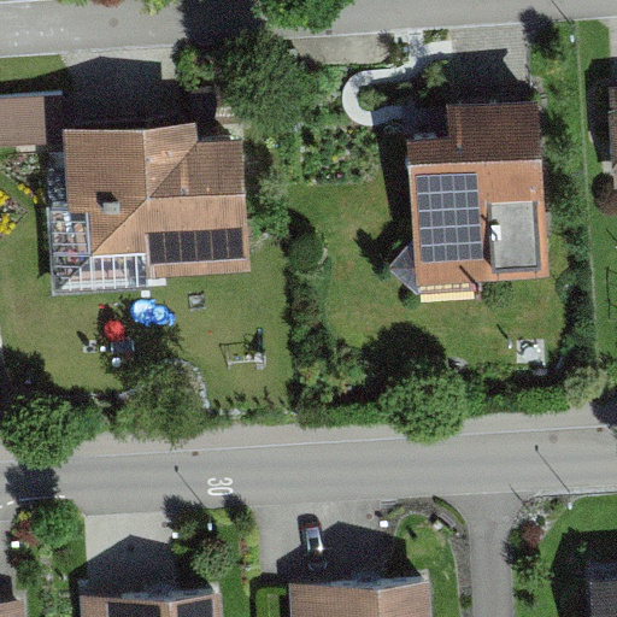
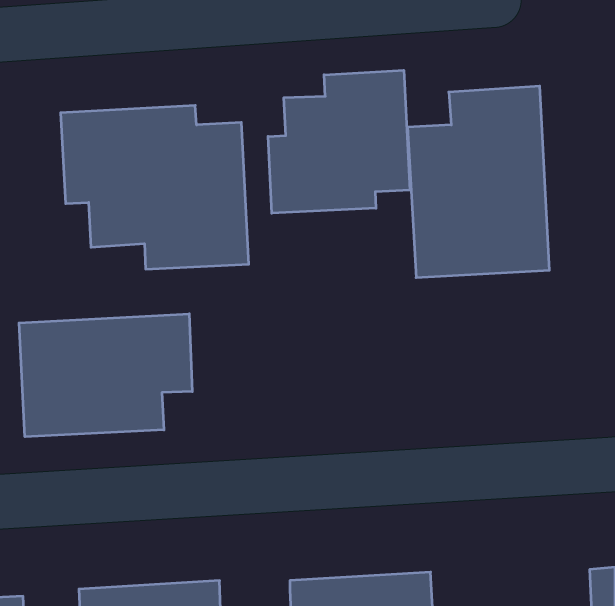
building: none -> [268,70,410,213]
building: none -> [19,314,192,437]

